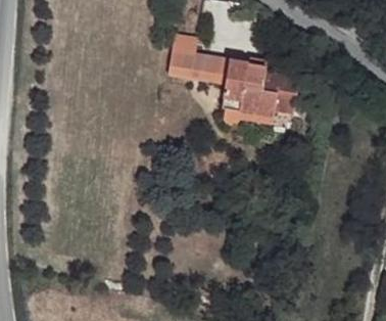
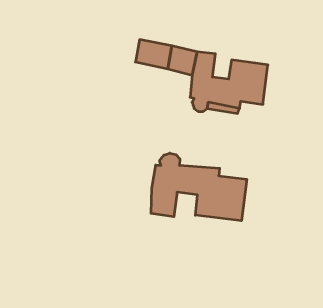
building: none -> [151,153,247,221]

